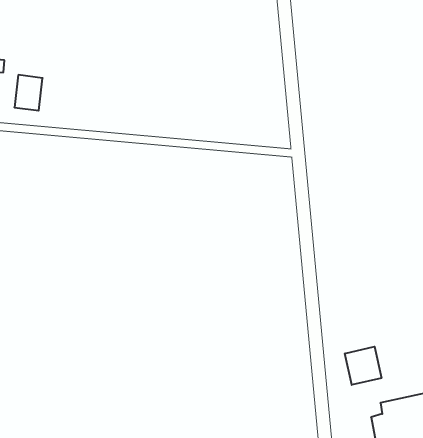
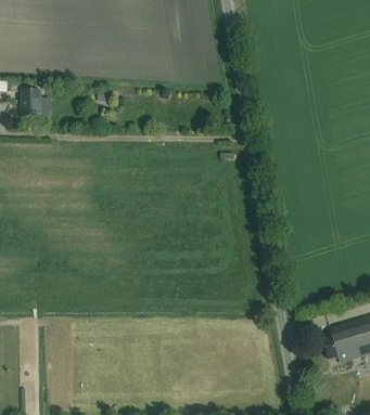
building: [345,347,381,385] -> none

